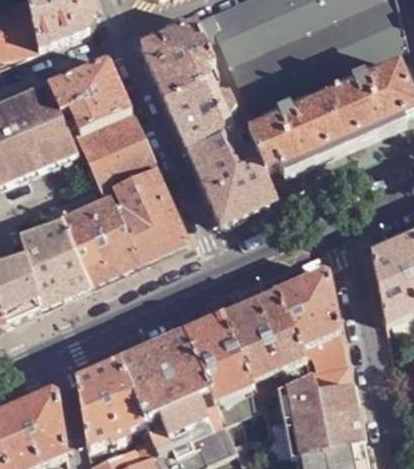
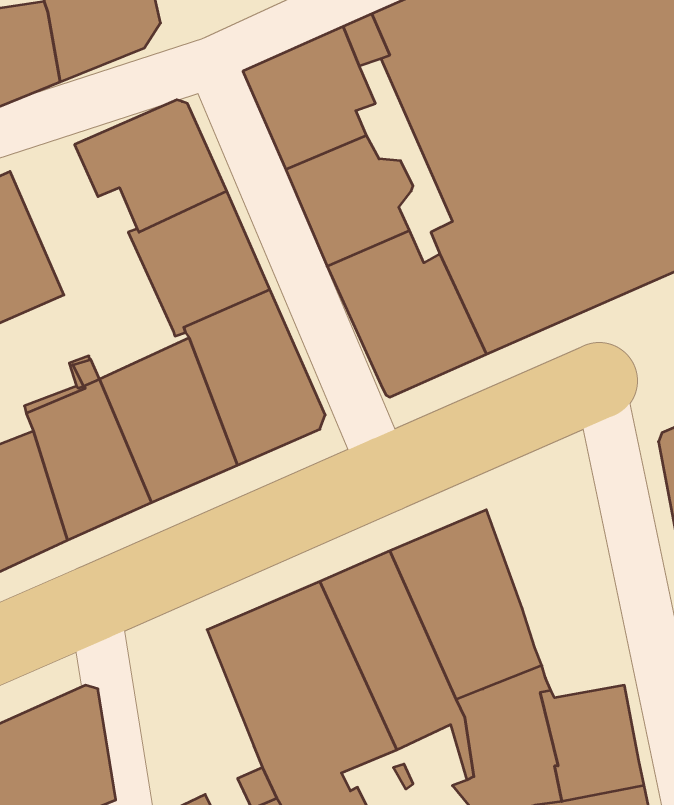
building: [10,84,78,168] -> none
building: [276,267,353,393] -> none
building: [74,355,146,445] -> none

